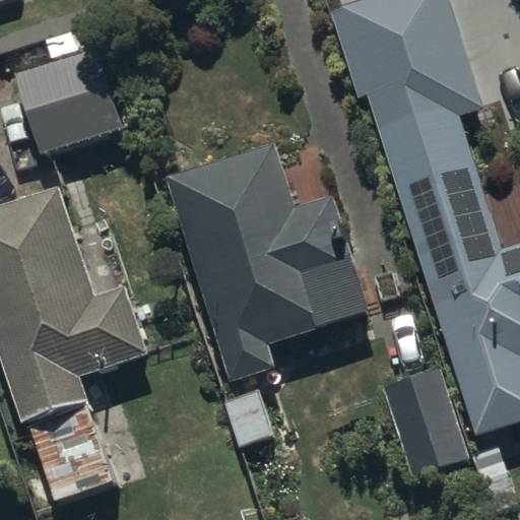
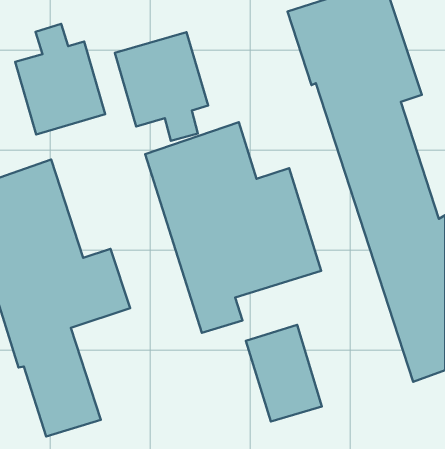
building: none -> [115,32,208,141]
building: [382,368,469,478] -> [246,325,322,421]

